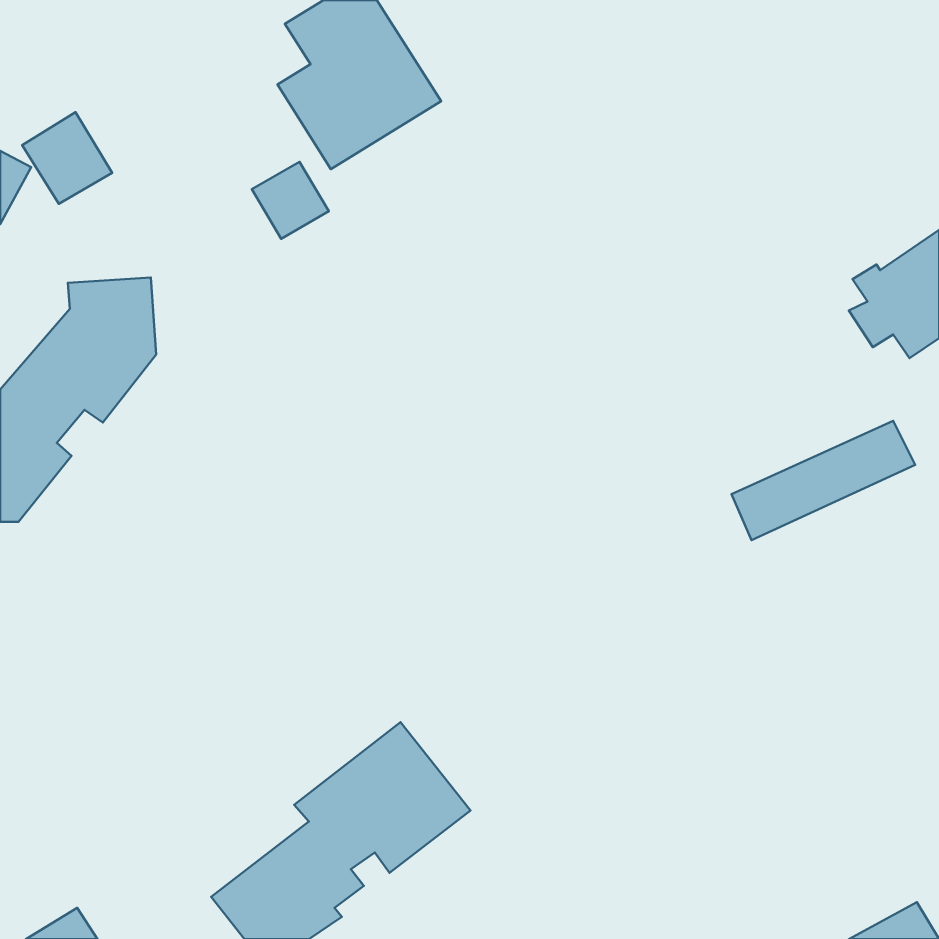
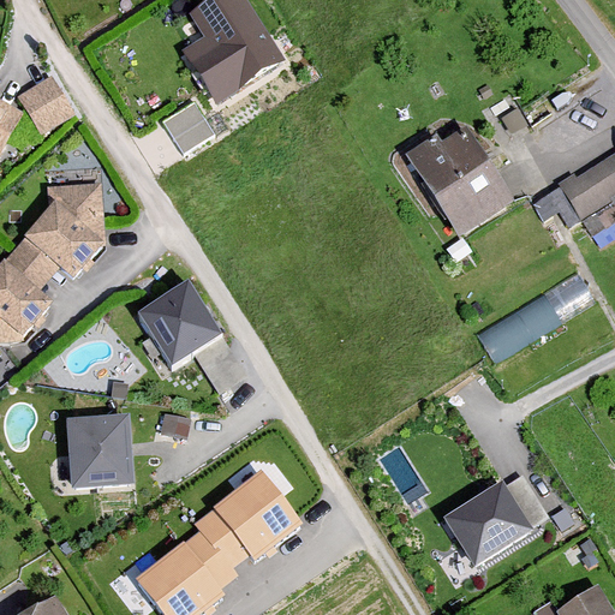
building: none -> [406,127,506,232]
building: none -> [133,277,219,364]
building: none -> [61,412,131,486]
building: none -> [444,478,549,571]

